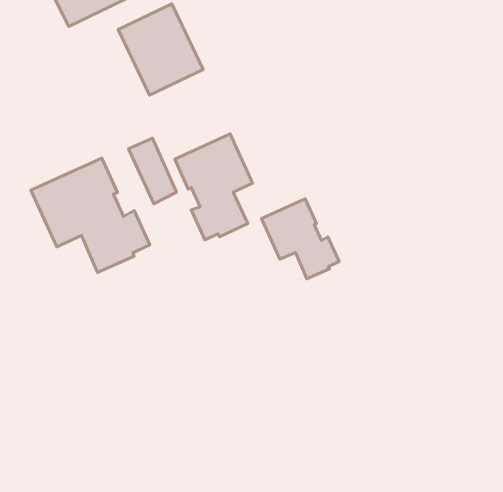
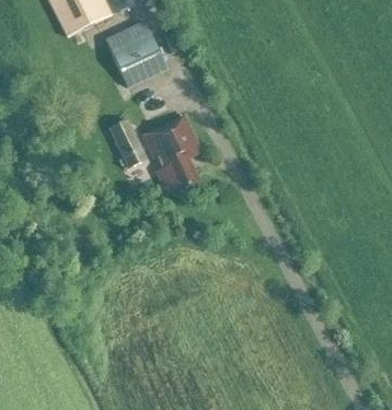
building: [31,158,150,272] -> none
building: [261,199,339,279] -> none

